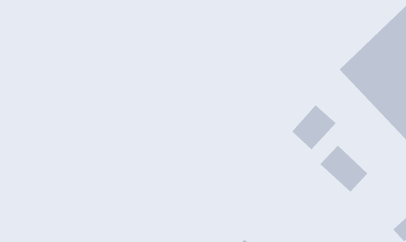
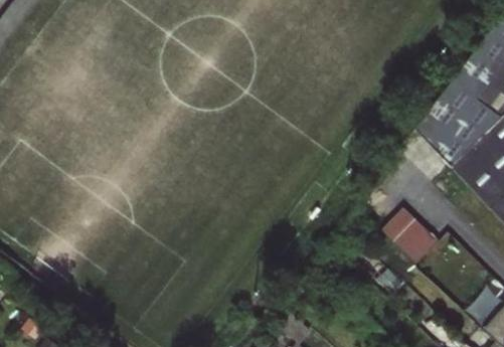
building: [292,105,336,150] -> none

